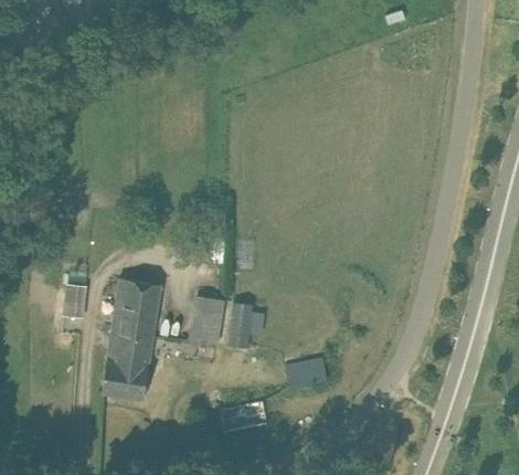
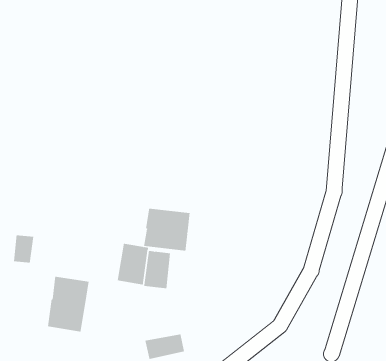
building: none -> [144,208,190,252]
building: [112,278,161,339] -> none
building: [286,360,328,388] -> none

